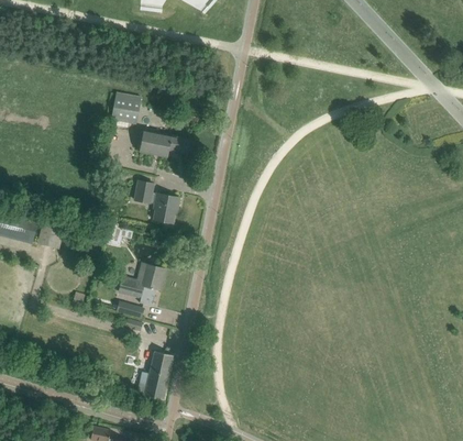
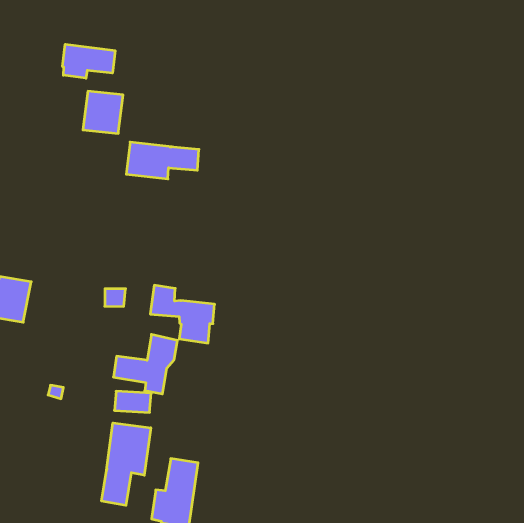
building: none -> [63,44,115,78]
building: [134,180,179,223] -> [150,285,215,343]
building: none -> [102,423,151,505]

